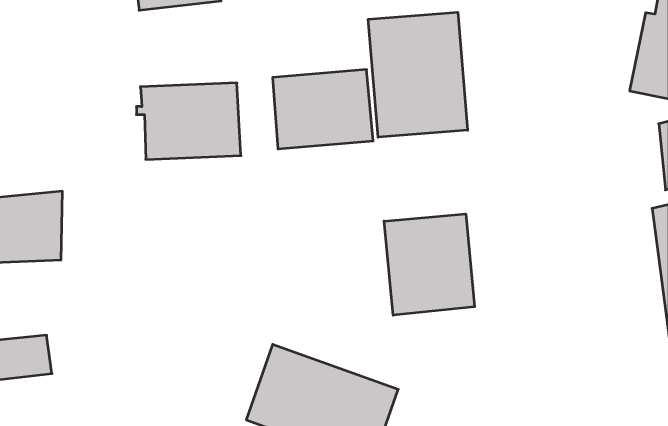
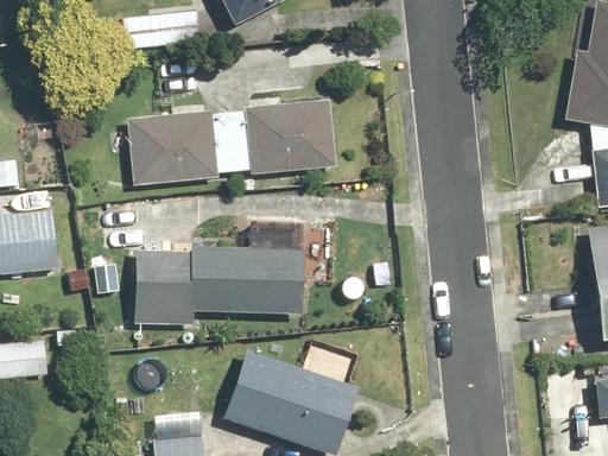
building: [368,12,468,137] -> none
building: [384,214,475,315] -> none
building: none -> [132,234,309,325]

